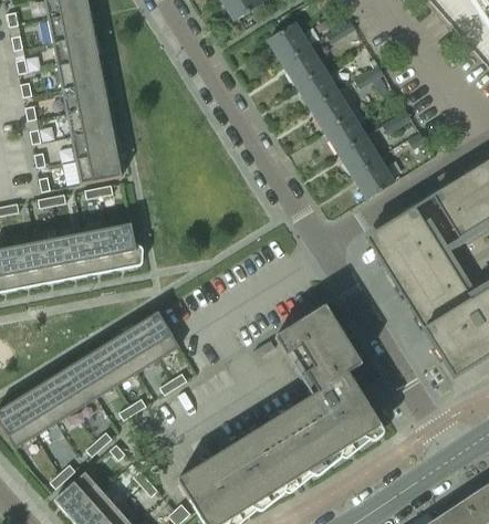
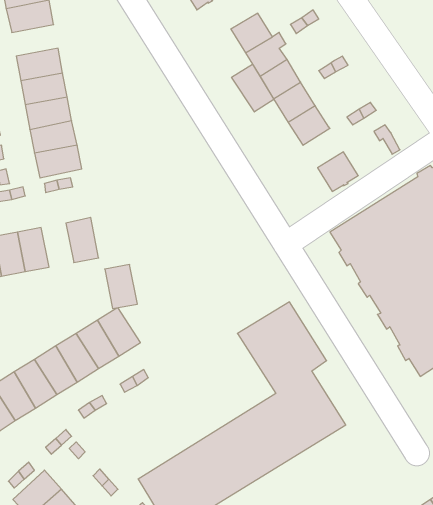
building: [53,34,98,65] -> none
building: none -> [232,64,274,112]
building: [339,132,378,175] -> none
building: [82,229,114,272] -> [105,265,137,309]

